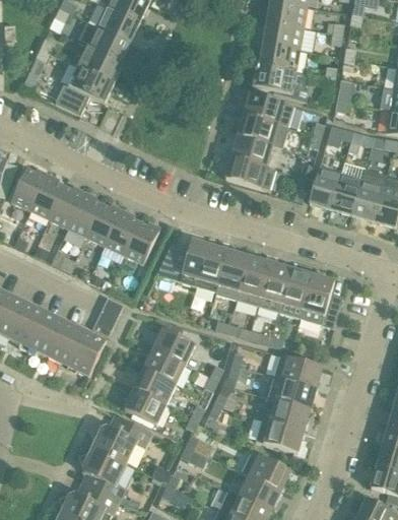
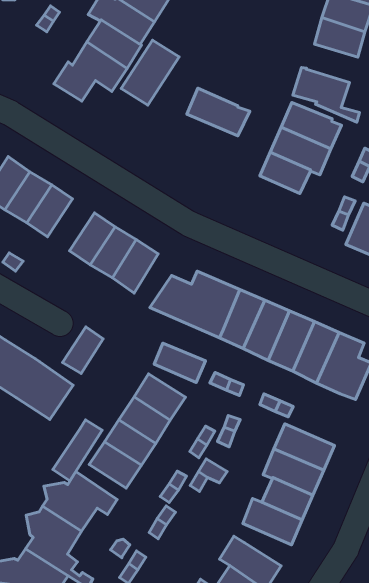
building: [259,42,300,69] -> none
building: none -> [121,40,179,105]
building: [226,154,277,189] -> [187,88,250,136]
building: [67,193,103,236] -> none
building: none -> [154,343,206,382]
building: none -> [53,420,102,481]

